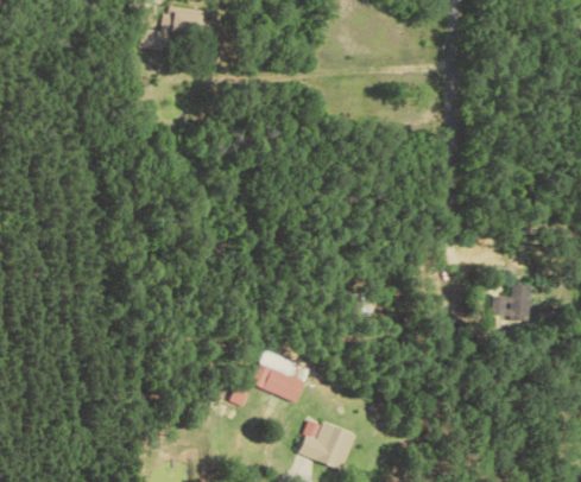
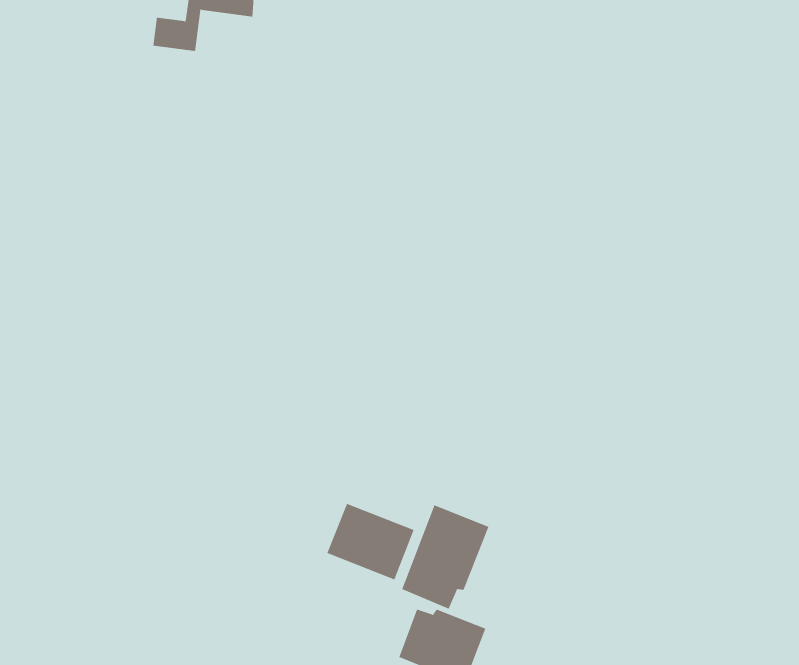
building: [493,286,530,318] -> none
building: none -> [402,505,489,610]

